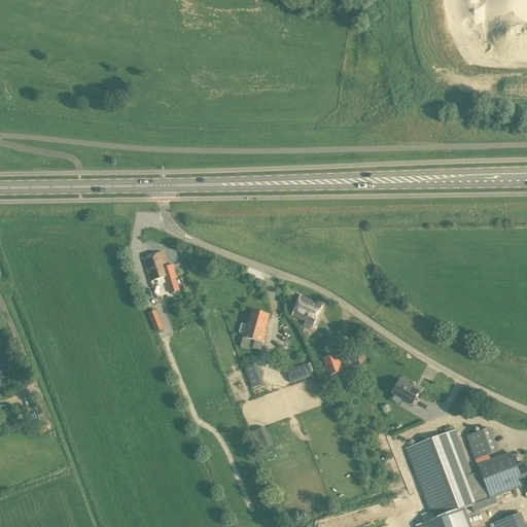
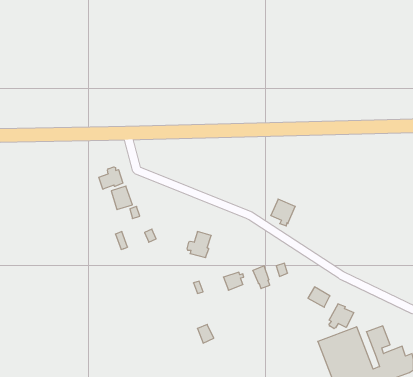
building: none -> [99,167,123,189]
building: [290,294,321,328] -> [271,199,295,226]
building: none -> [329,304,354,329]

